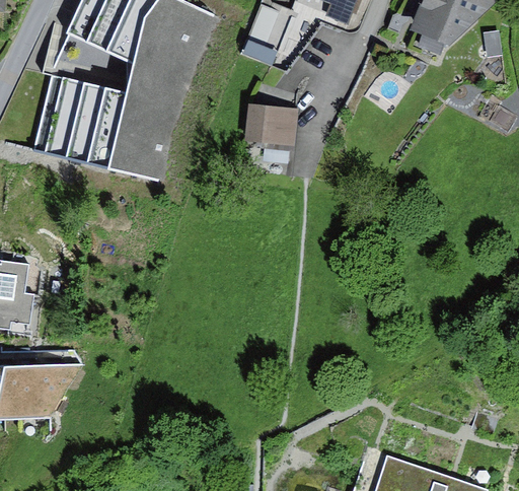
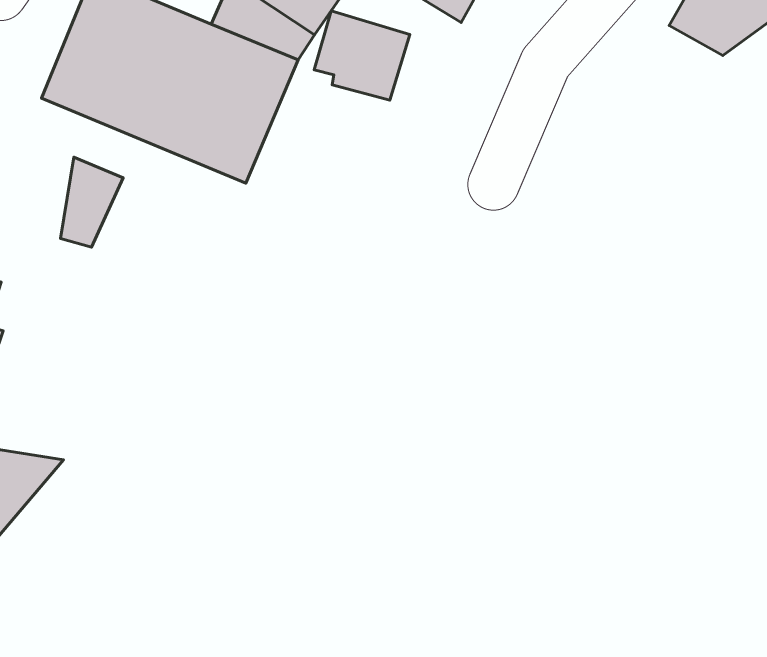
building: [245,103,298,150] -> [314,11,410,100]
building: none -> [61,157,123,247]

